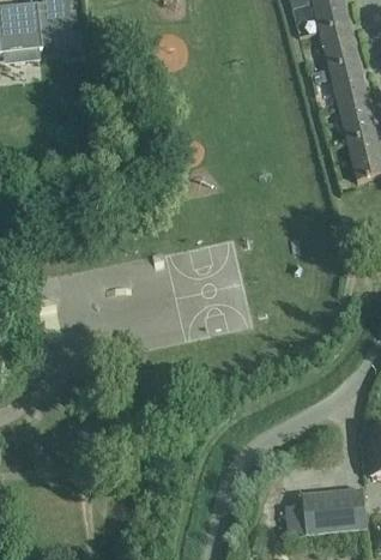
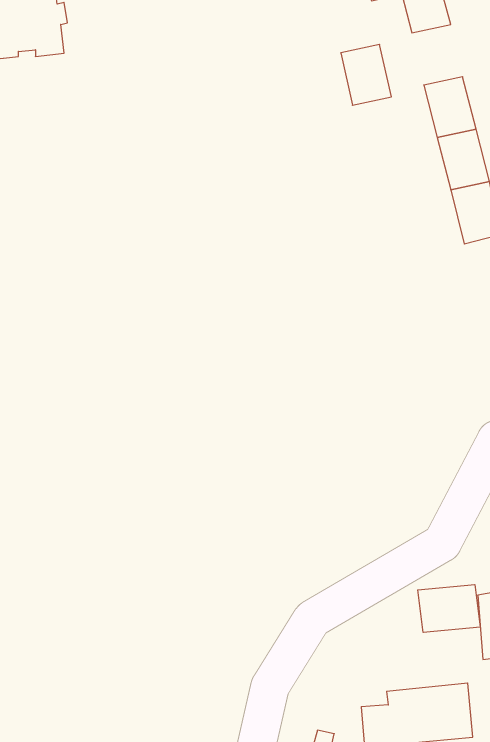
building: [321,24,357,67] -> [341,44,391,105]
building: none -> [418,585,480,632]

